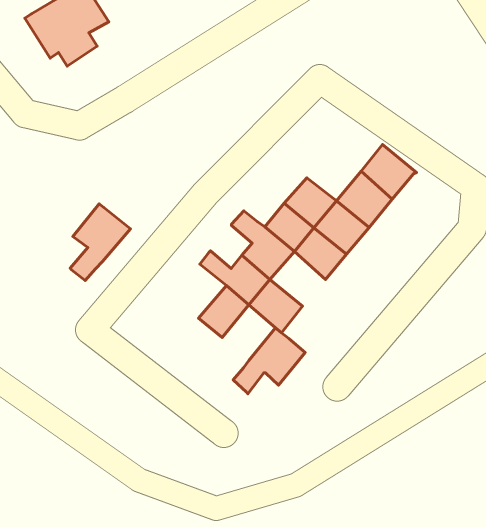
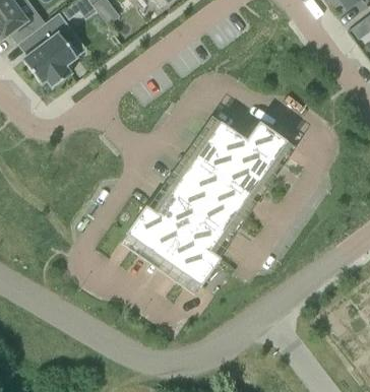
building: none -> [212,125,247,159]
building: [70,204,131,281] -> [130,205,167,255]
building: none -> [194,194,230,228]
building: none -> [167,231,200,266]

